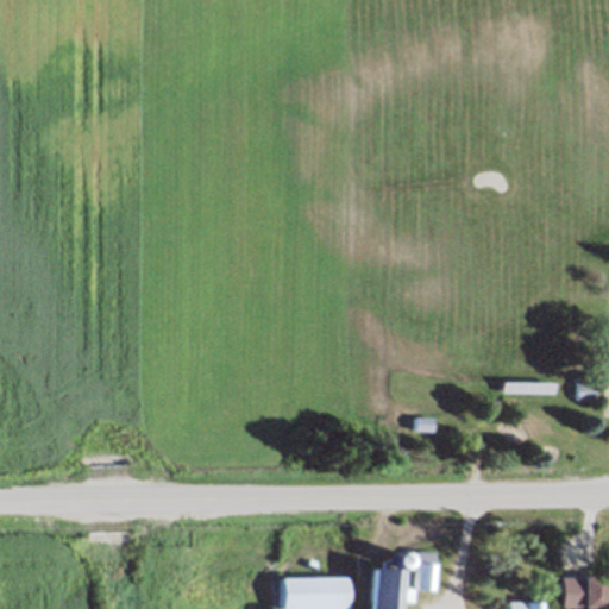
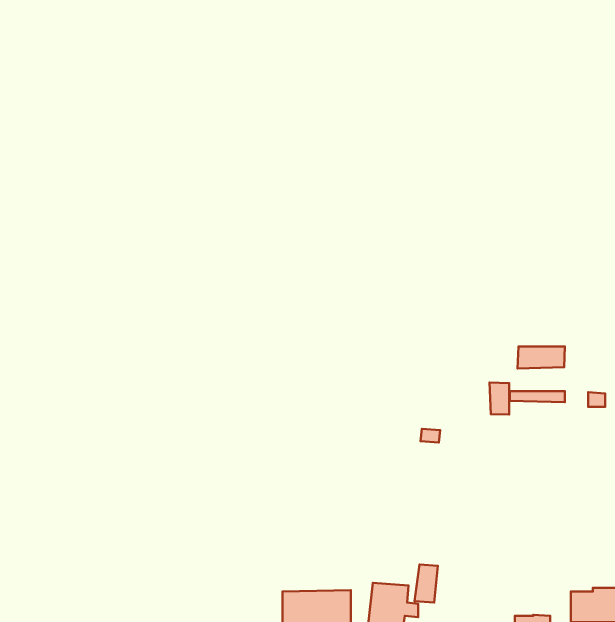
building: none -> [517,346,565,369]
building: none -> [489,382,509,415]

